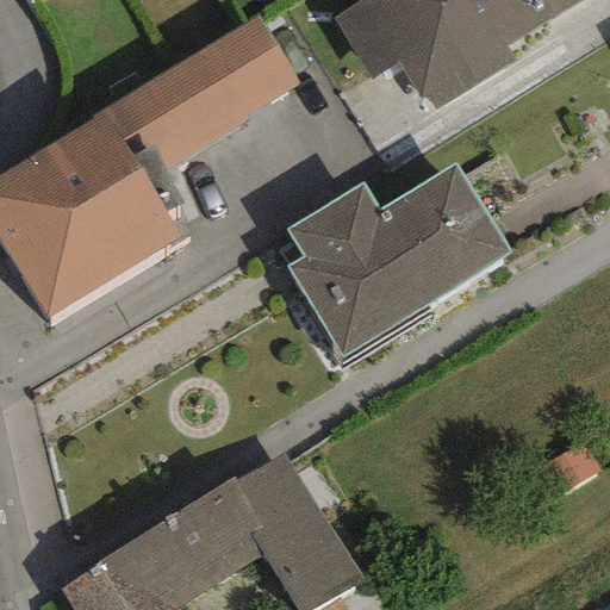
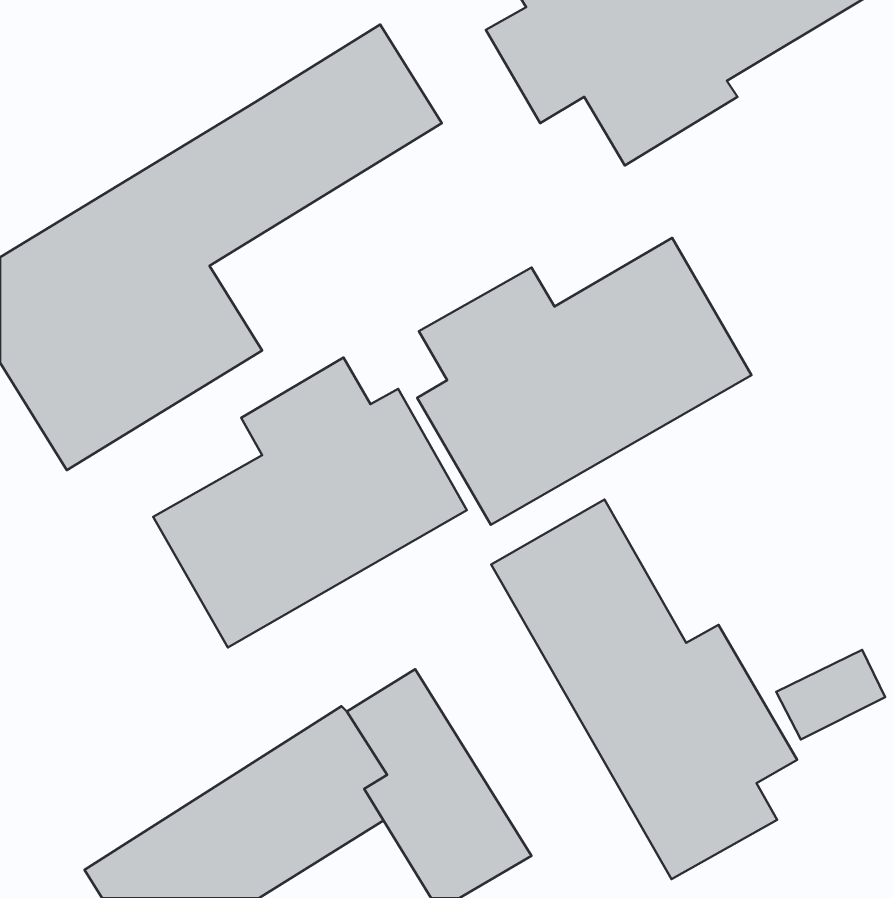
building: none -> [153,358,467,647]
building: none -> [491,500,797,879]

